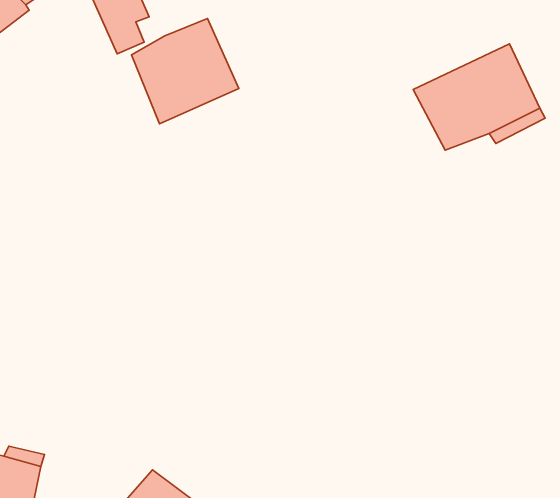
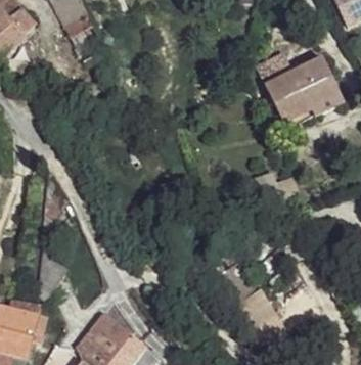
building: [132,18,239,124] -> none

